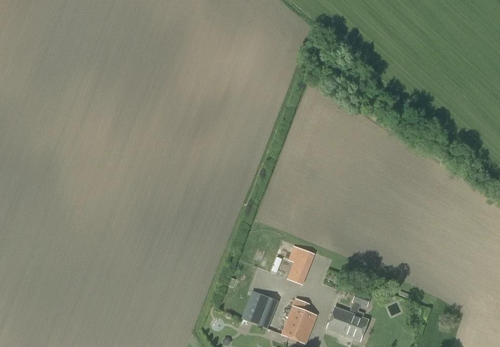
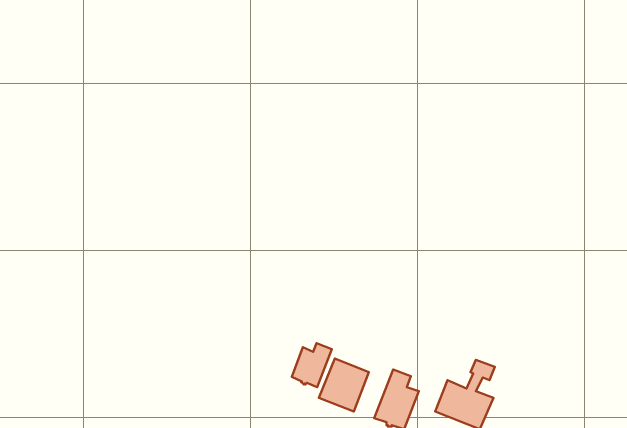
building: [287,246,314,284] -> none
building: none -> [292,343,332,387]

